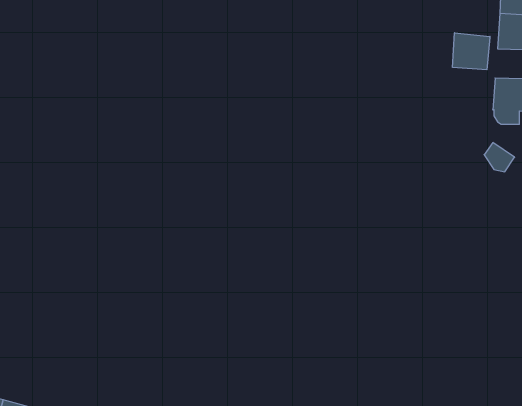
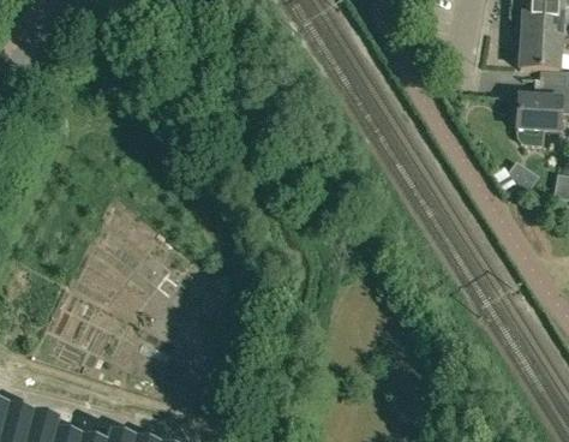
building: [453,33,490,70] -> none

